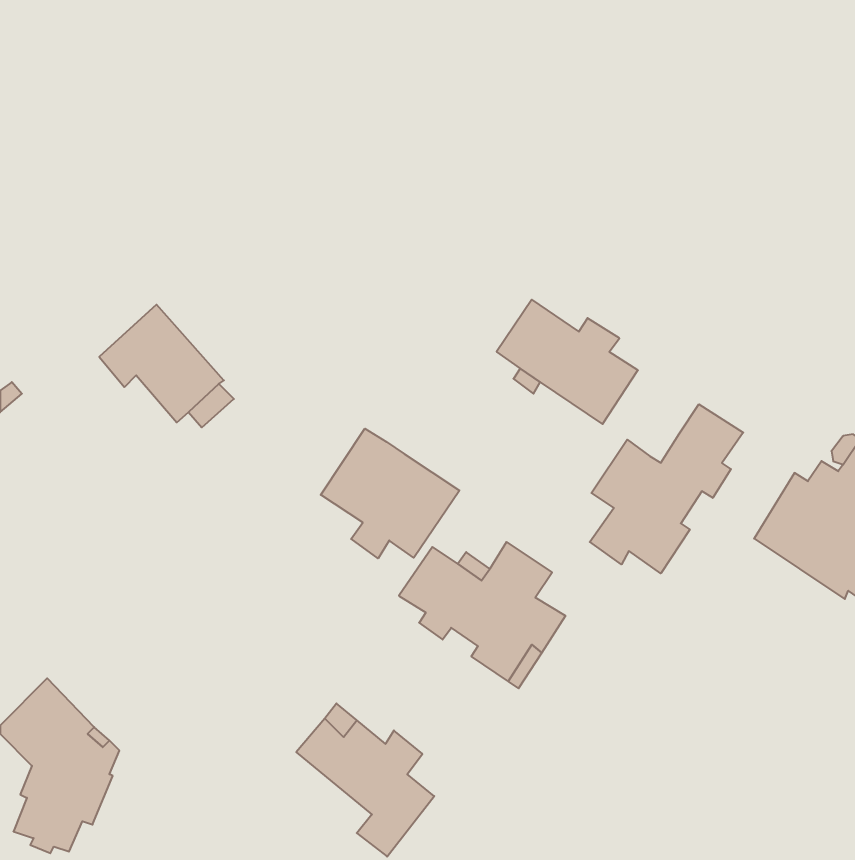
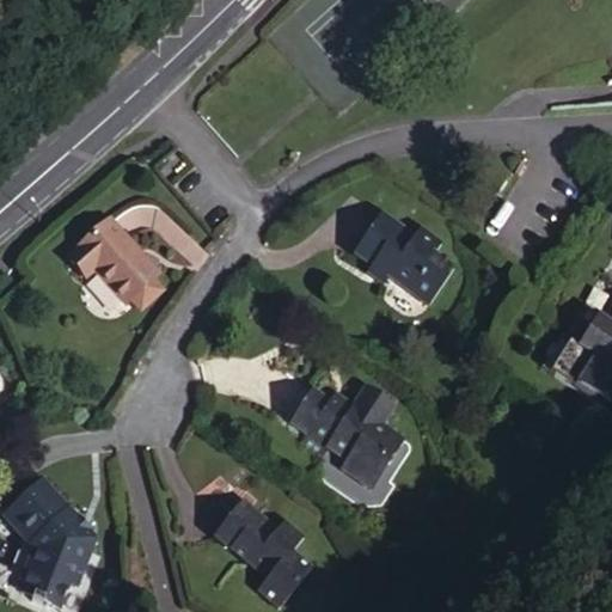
building: [590,404,743,573] -> none
building: [321,429,459,558] -> none

